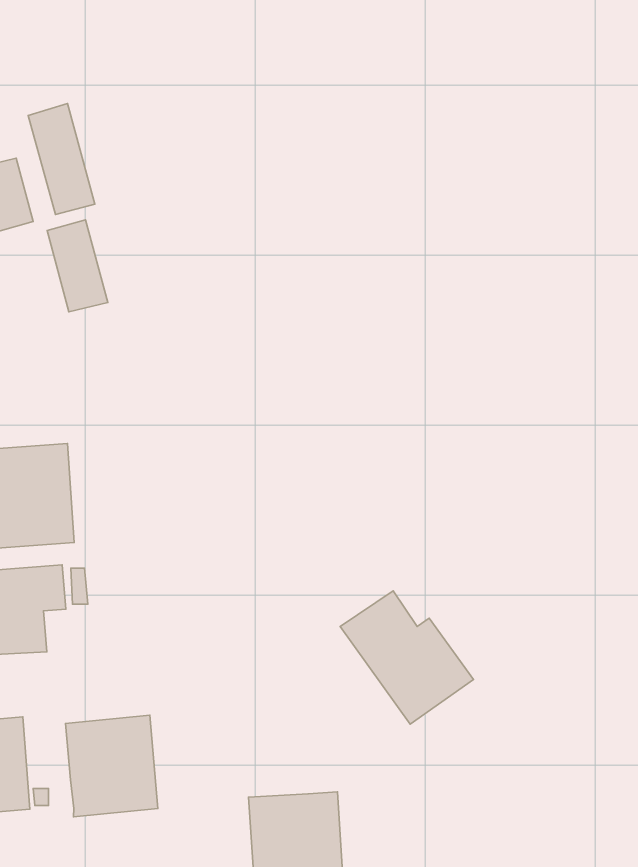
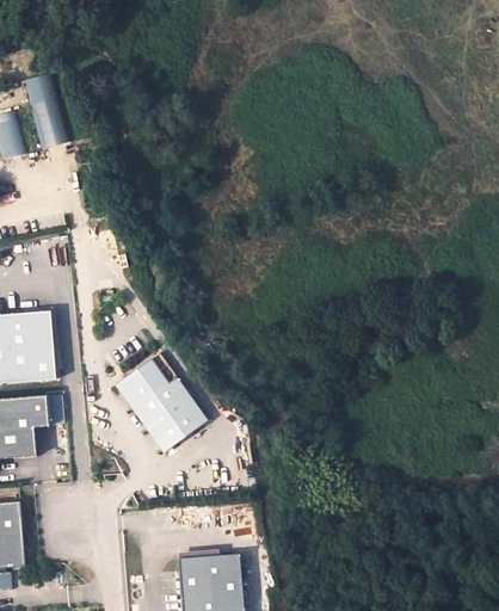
building: [47,220,108,312] -> none
building: [340,591,473,724] -> [115,359,208,452]
building: [65,715,158,817] -> none

